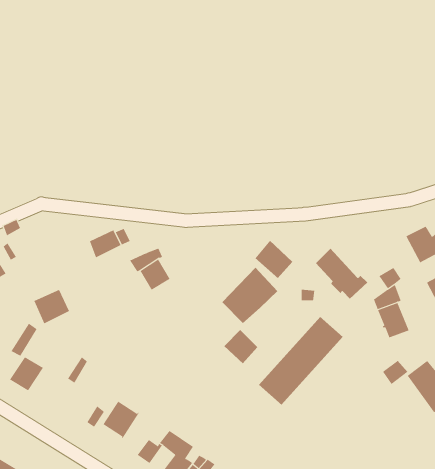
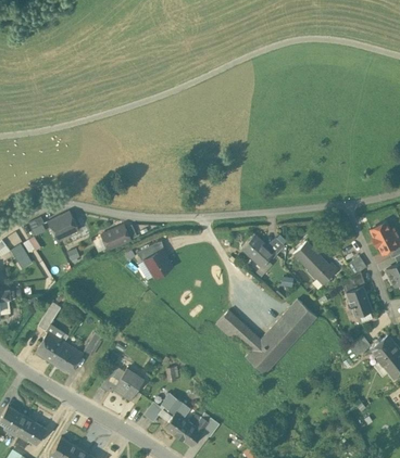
building: [221,267,278,324] -> none
building: [34,289,70,324] -> [49,212,79,241]
building: none -> [52,342,84,373]

